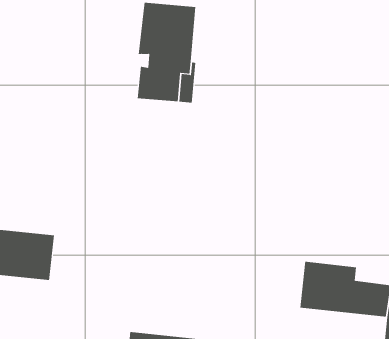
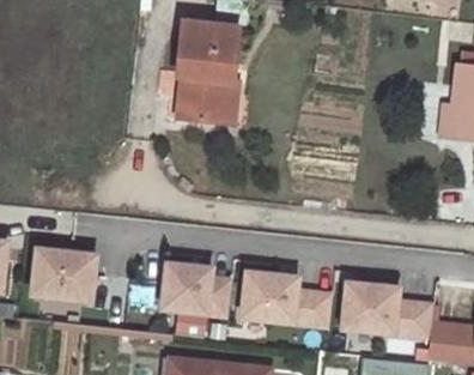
building: none -> [160,264,231,316]
building: none -> [241,272,332,327]

